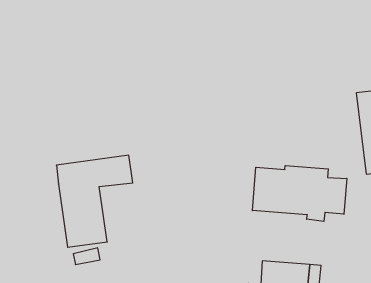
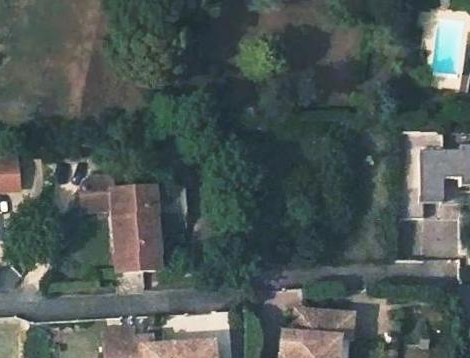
building: none -> [79,176,111,210]
building: [252,166,347,221] -> none

